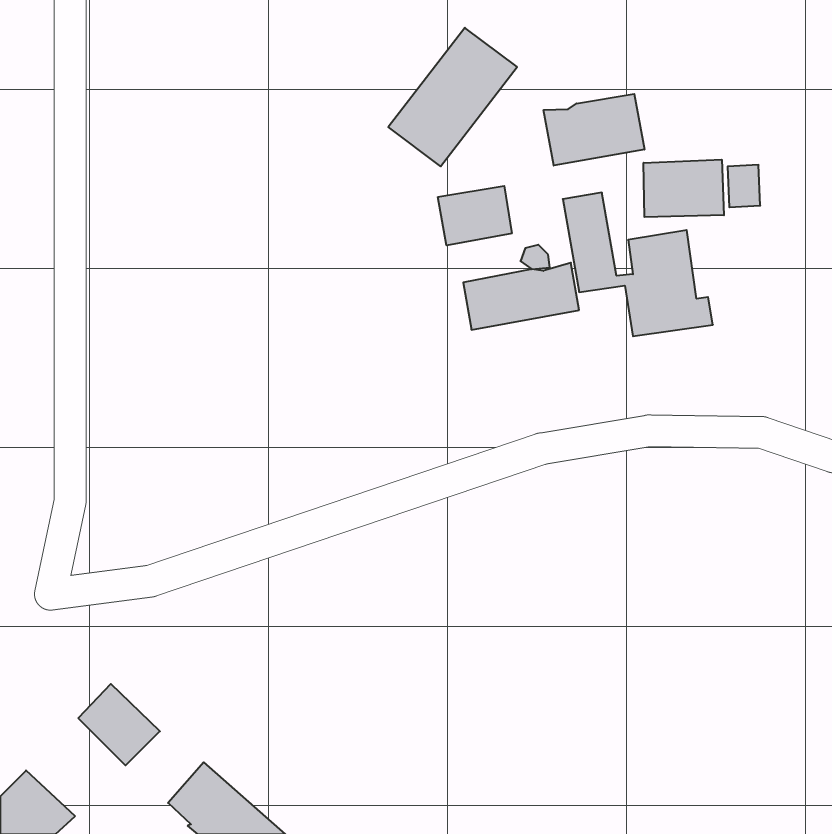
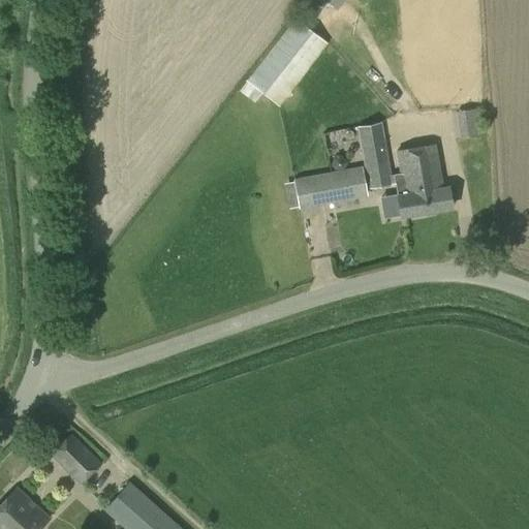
building: [544,94,644,166] -> none
building: [644,160,724,217] -> none
building: [438,186,512,245] -> none

